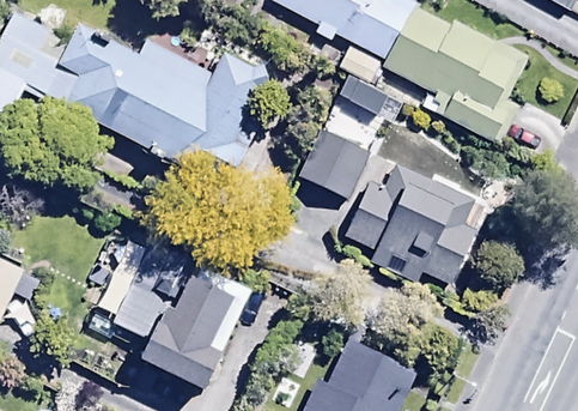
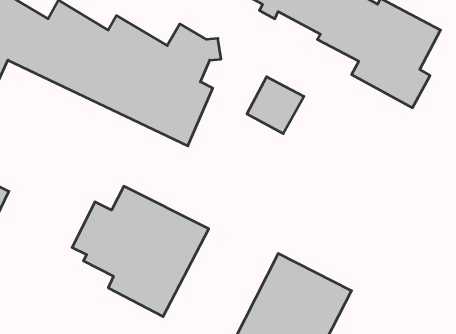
building: [347,163,479,288] -> none

